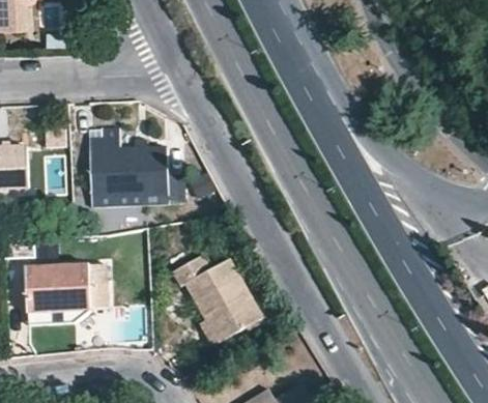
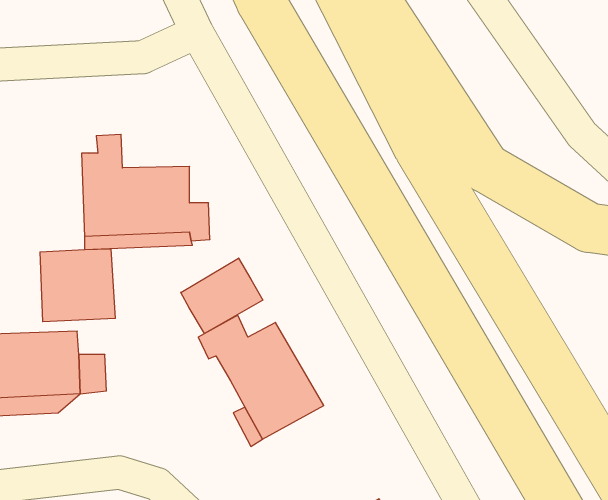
building: none -> [40,249,115,322]
building: none -> [181,258,263,334]

